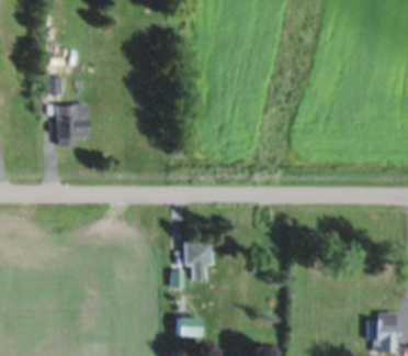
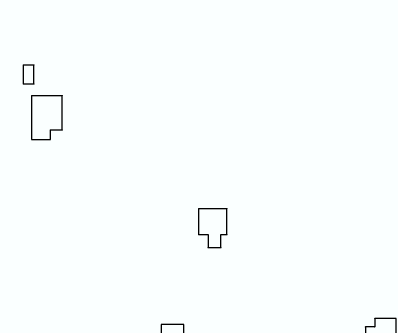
building: [185,243,212,279] -> [199,209,227,248]

